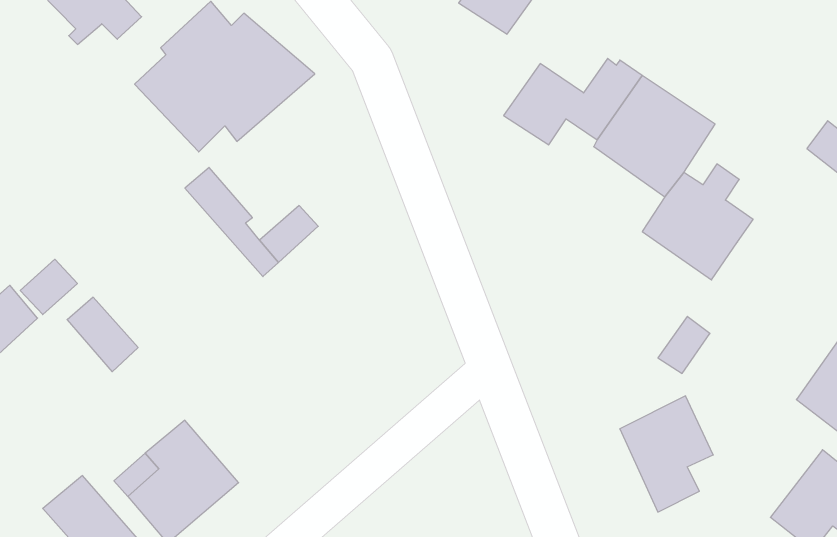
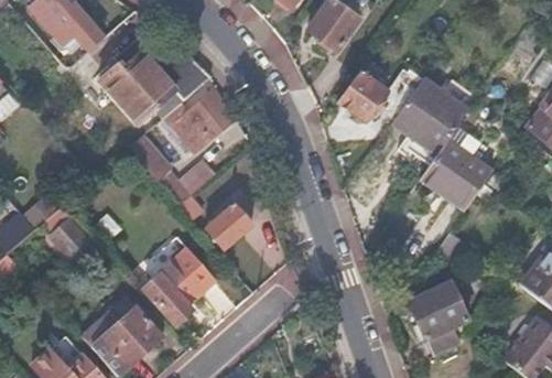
building: none -> [185,89,237,151]
building: none -> [207,205,253,251]
building: none -> [147,249,217,326]

